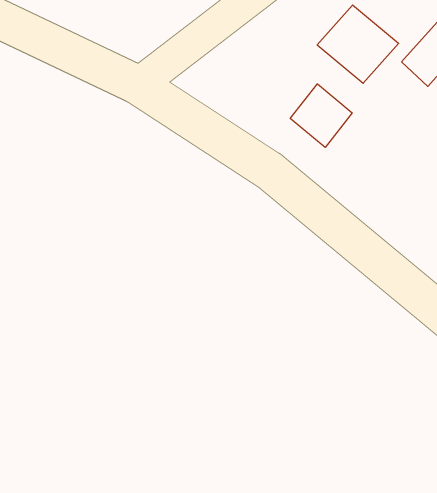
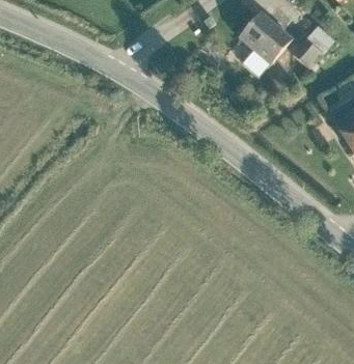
building: [290,84,352,147] -> none

